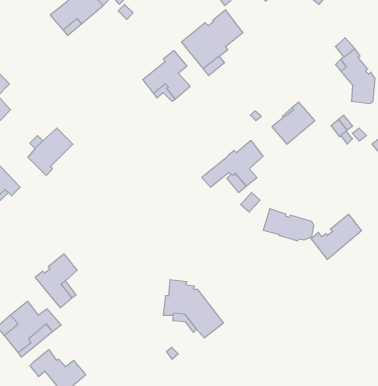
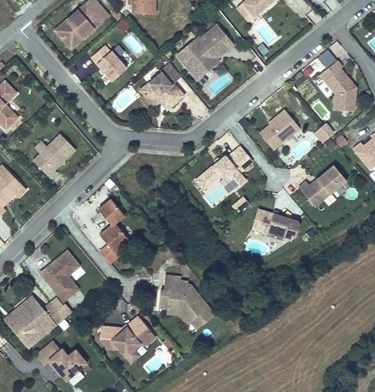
building: none -> [91,45,126,81]
building: none -> [98,199,130,253]
building: [311,214,362,259] -> [299,165,346,207]
building: none -> [101,315,156,363]

